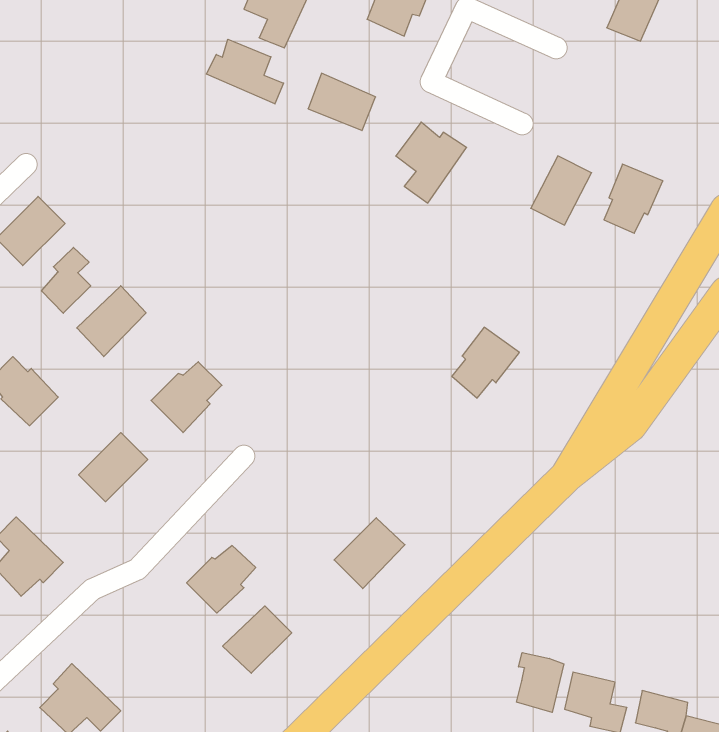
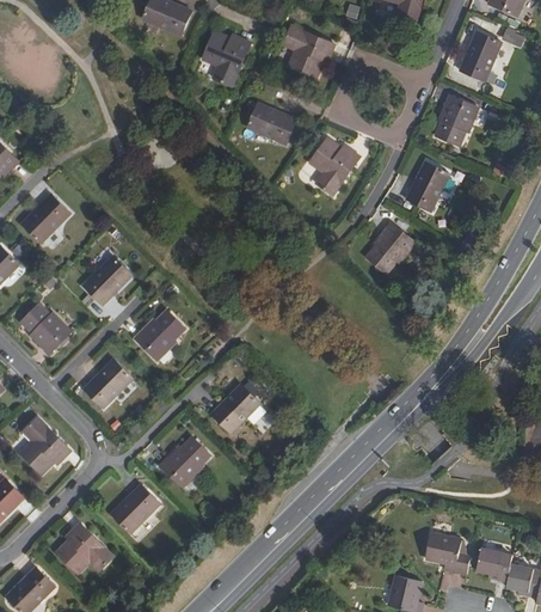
building: [206,39,284,104] -> none
building: [604,164,663,233] -> [434,97,475,146]
building: [41,247,91,313] -> none
building: [452,327,519,398] -> [365,224,413,274]
building: [334,518,405,589] -> [211,382,262,433]
building: [223,606,292,673] -> [111,484,160,532]
building: [517,653,564,712] -> none

